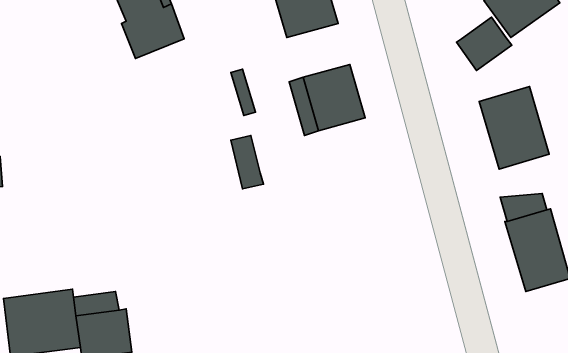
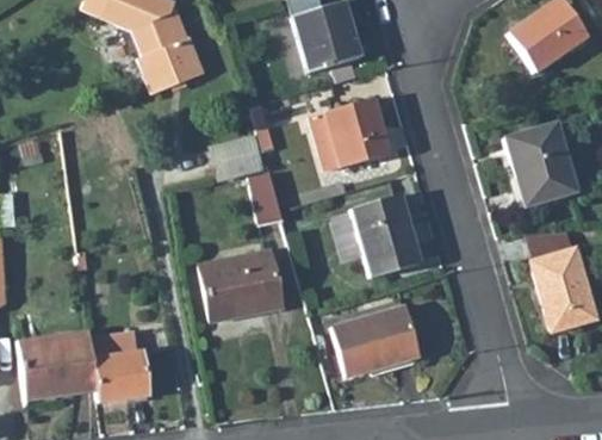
building: [456,17,512,70] -> none
building: none -> [352,196,420,278]
building: none -> [199,250,283,323]
building: none -> [333,306,418,377]

